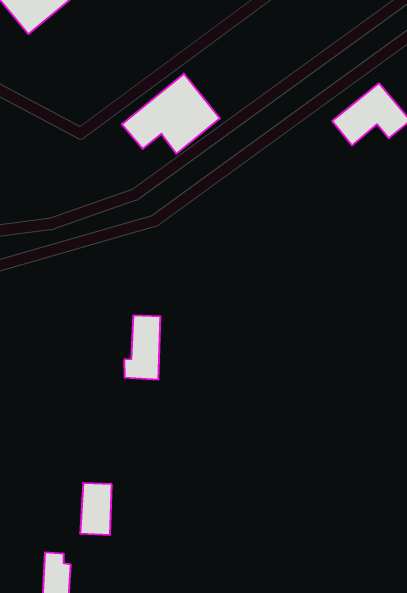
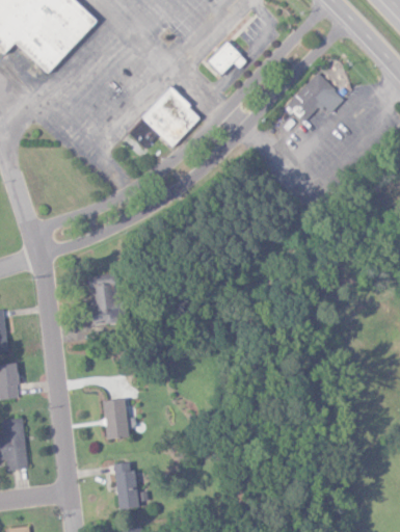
building: none -> [207,41,247,74]
building: [124,315,161,379] -> [90,274,118,324]
building: [80,483,112,535] -> [104,398,130,438]

